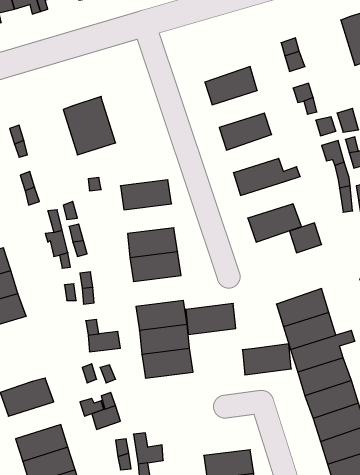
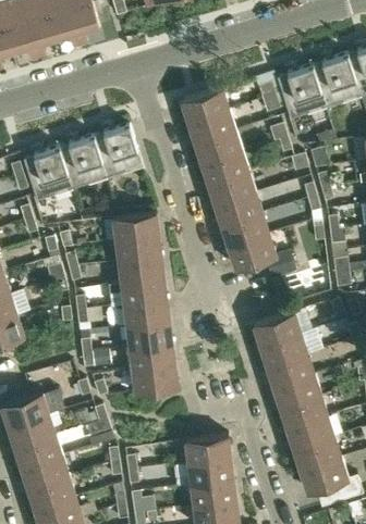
building: none -> [277,66,326,120]
building: none -> [181,88,230,123]
building: none -> [94,125,142,178]
building: none -> [195,130,243,164]
building: none -> [23,148,72,201]
building: none -> [208,171,256,205]
building: none -> [221,213,269,247]
building: none -> [114,234,160,261]
building: [186,303,236,334] -> [123,299,169,327]
building: [242,344,291,375] -> [185,435,230,463]
building: none -> [9,414,57,448]

